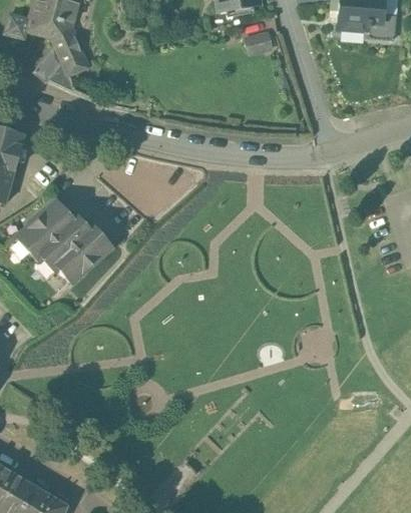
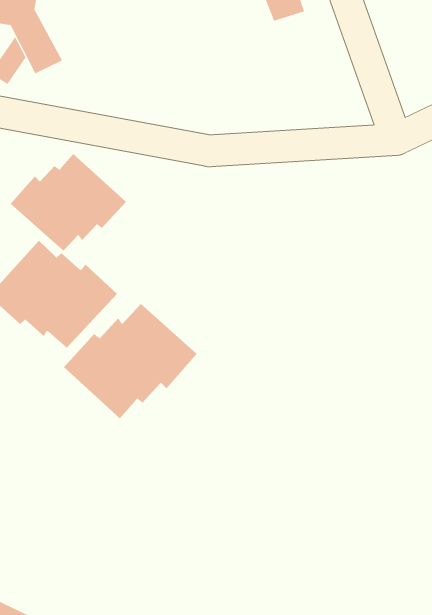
building: none -> [10,153,127,252]
building: none -> [63,303,198,419]

